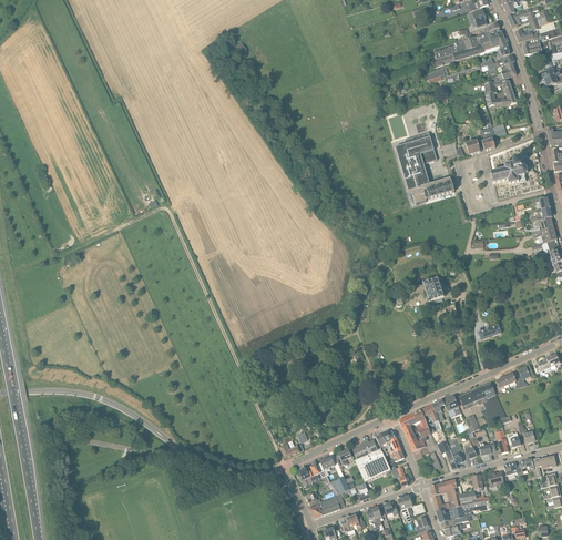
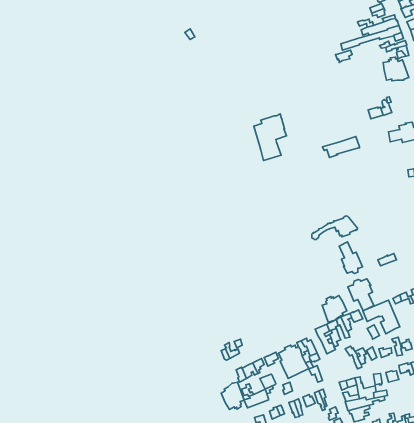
building: [396,130,437,189] -> [254,114,286,161]
building: none -> [339,242,362,273]
building: none -> [348,279,374,311]
building: none -> [322,295,347,322]
building: none -> [221,382,244,410]

